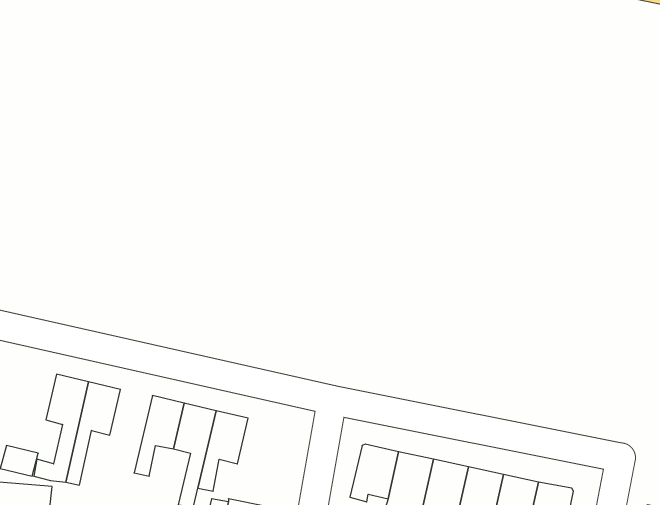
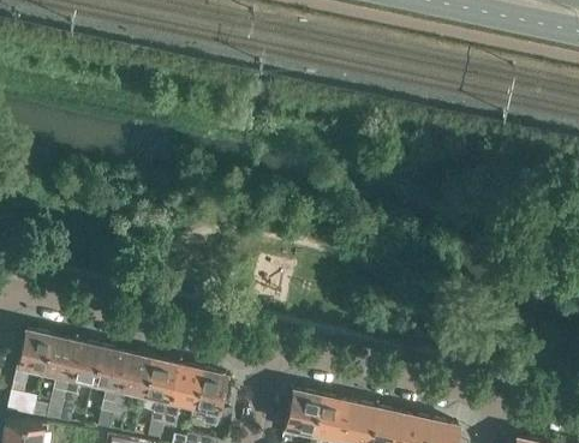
building: none -> [13,330,50,383]
building: none -> [92,347,126,430]
building: none -> [191,370,227,426]

